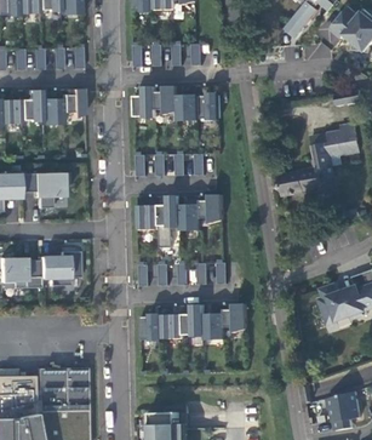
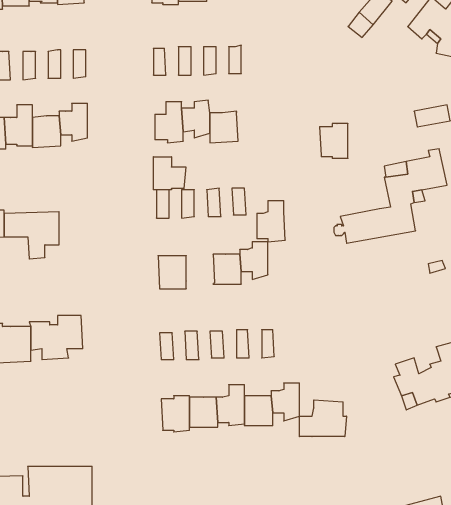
building: [198,93,219,120] -> [320,124,348,158]
building: none -> [153,157,186,190]
building: [159,196,181,228] -> [257,201,285,242]
building: none -> [299,400,346,437]

